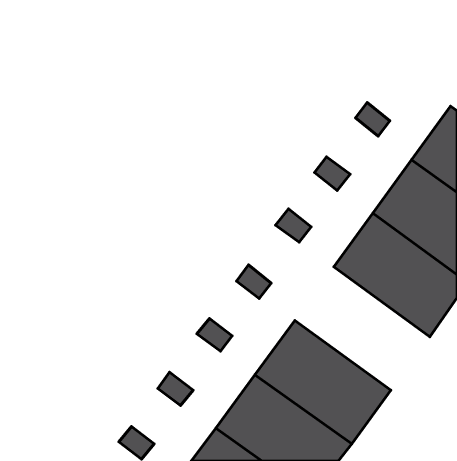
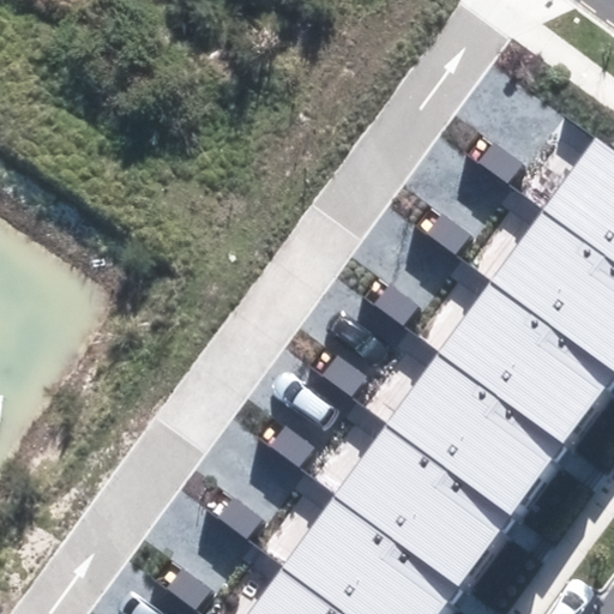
building: none -> [390,353,568,516]

